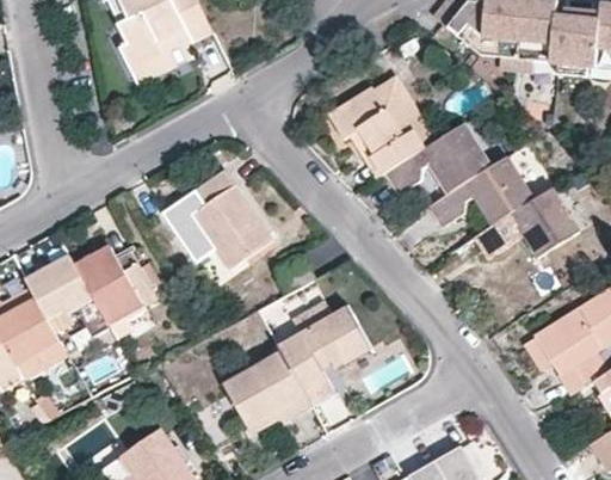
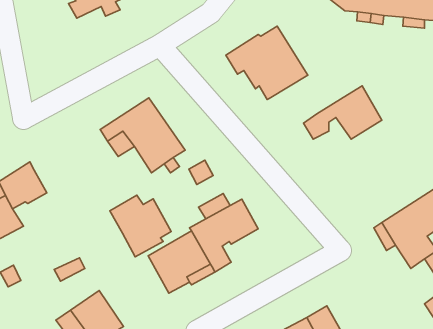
building: [384,124,488,192] -> none
building: [476,189,578,258] -> none
building: [74,246,155,327] -> [110,195,171,257]

